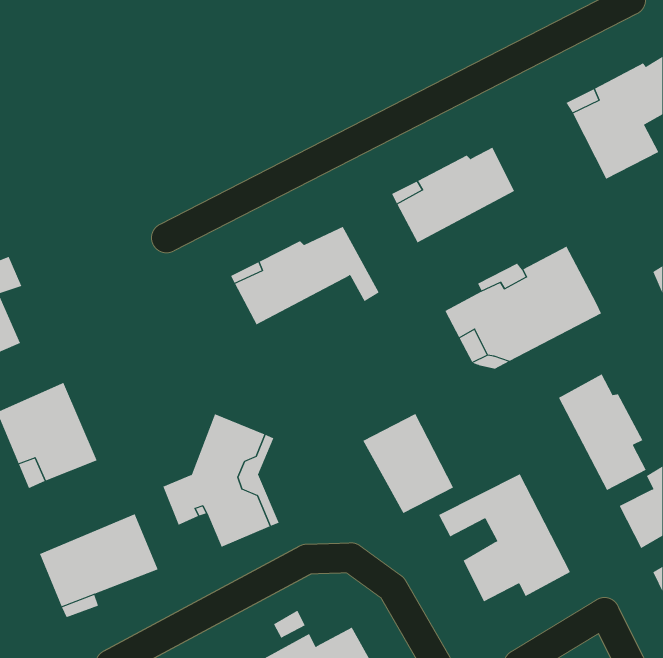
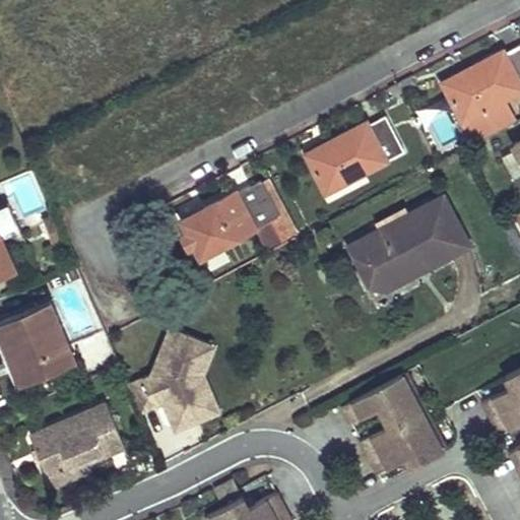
building: [558,373,646,491] -> none
building: [362,413,454,514] -> none

